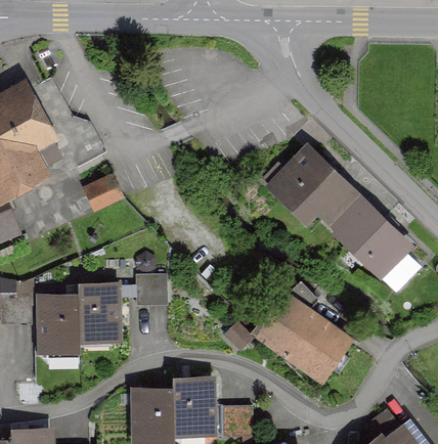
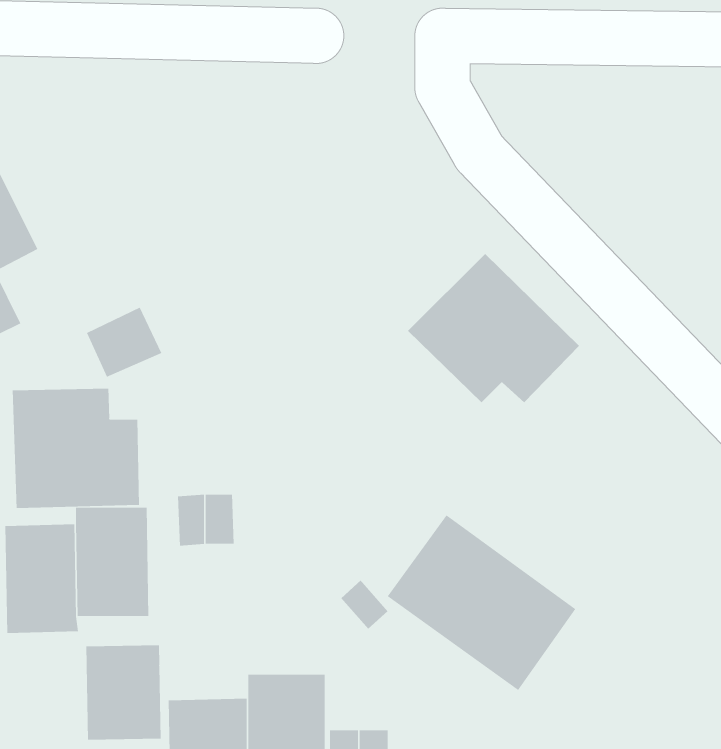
building: [326,193,413,280] -> none
building: none -> [12,388,140,509]
building: none -> [86,645,161,740]

